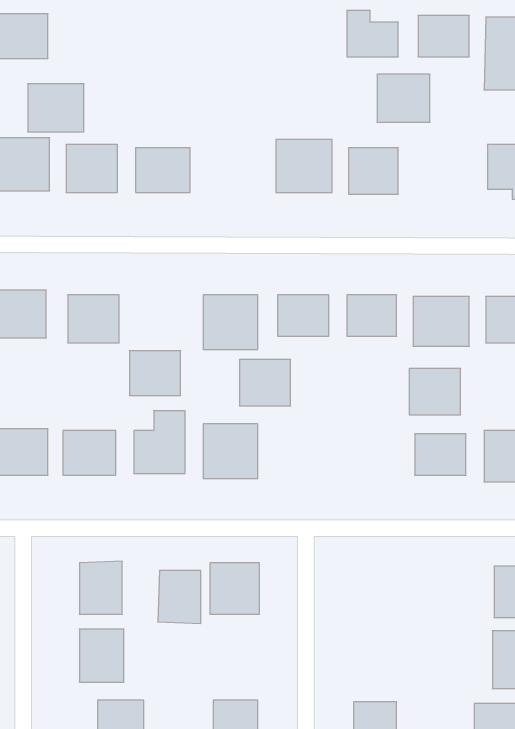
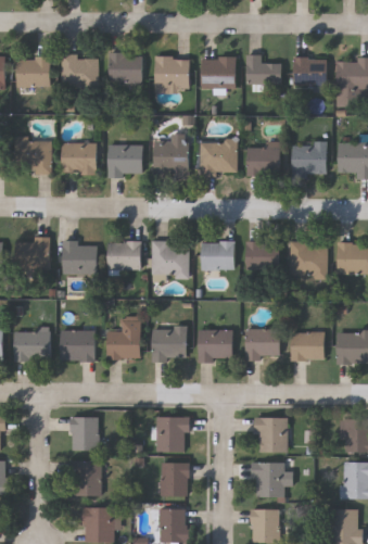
building: none -> [110,54,142,84]
building: none -> [155,56,190,90]
building: none -> [201,58,236,88]
building: [377,74,430,122] -> [292,141,327,173]
building: [28,84,84,132] -> [61,56,98,88]
building: none -> [155,135,188,179]
building: [129,351,181,395] -> [107,242,141,271]
building: [239,360,291,406] -> [199,330,232,360]
building: [409,368,461,415] -> [246,329,280,359]
building: none -> [255,418,287,453]
building: [158,571,201,624] -> [160,463,188,497]
building: none -> [253,463,292,497]

